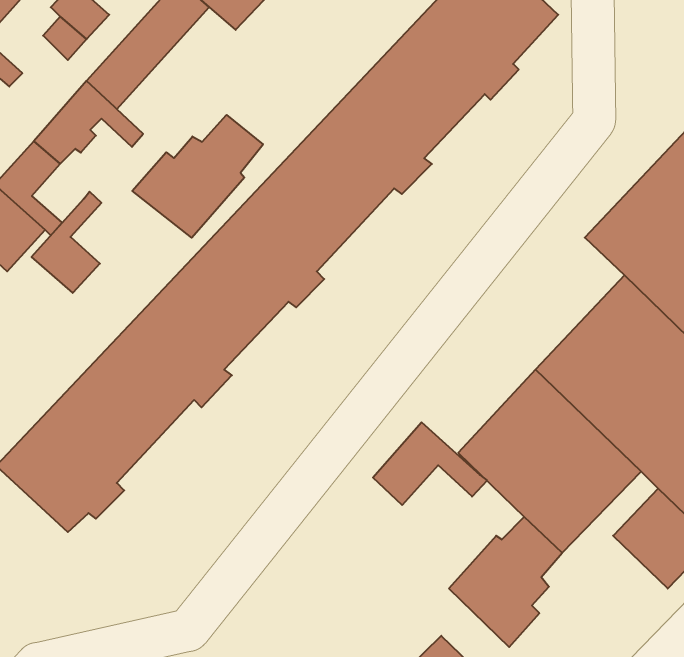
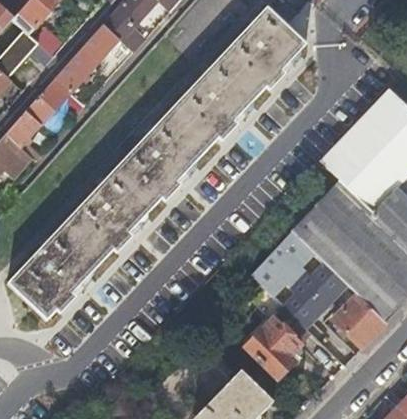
building: [132,115,263,238] -> none
building: [32,192,101,293] -> none
building: [373,422,487,505] -> none

